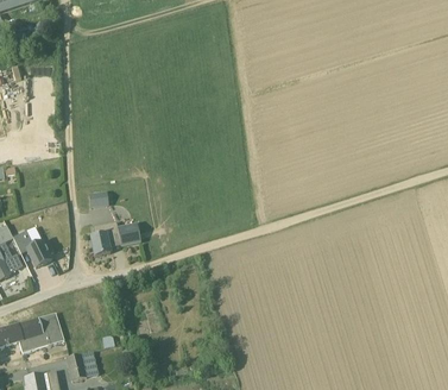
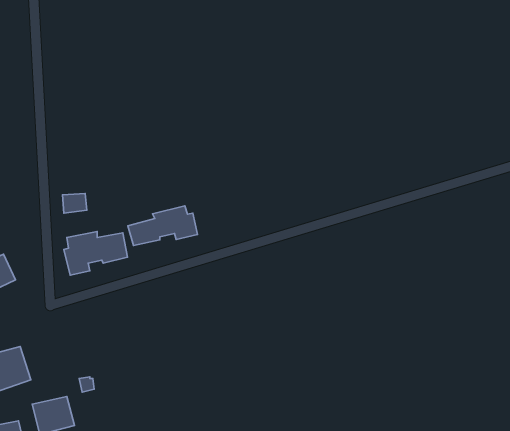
building: none -> [128,206,198,245]

